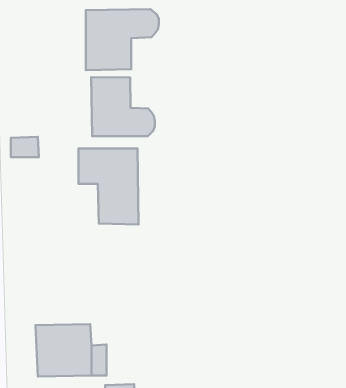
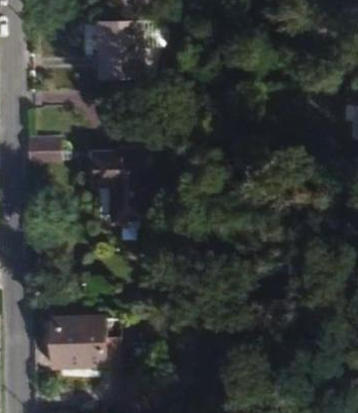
building: [91,77,155,136] -> none

